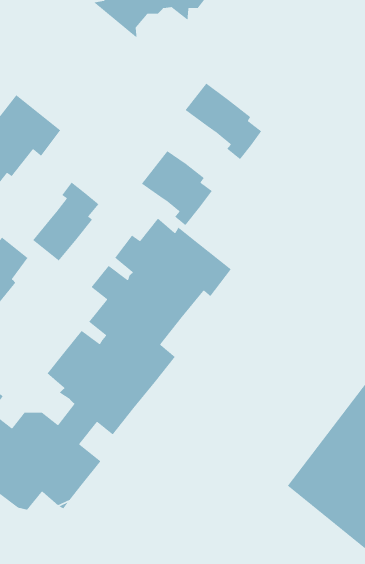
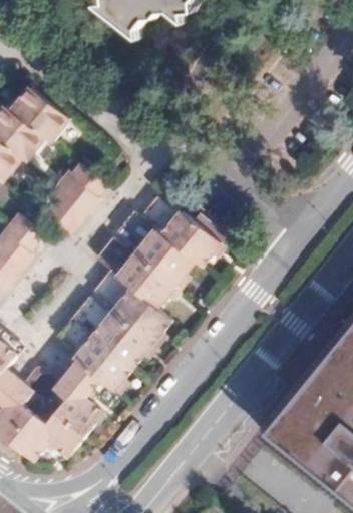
building: [185,83,262,160] -> none
building: [141,150,213,226] -> none

